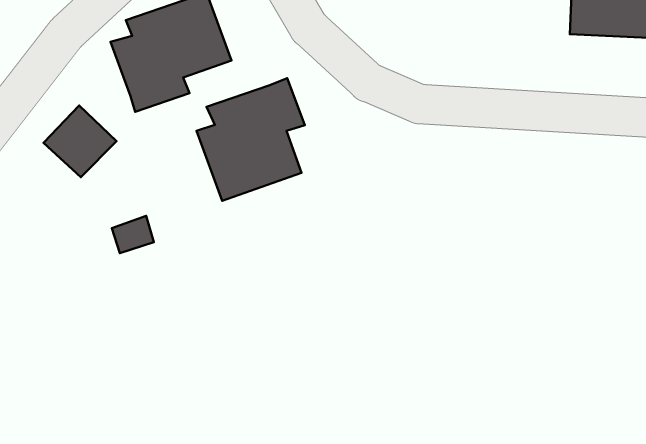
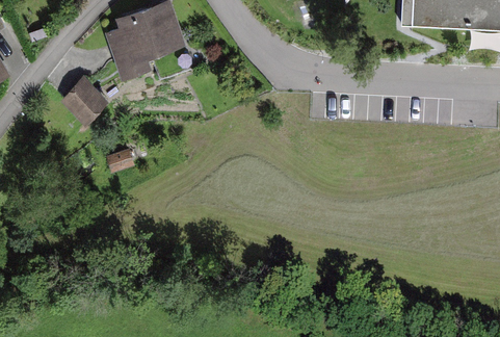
building: [196,78,305,201] -> none

